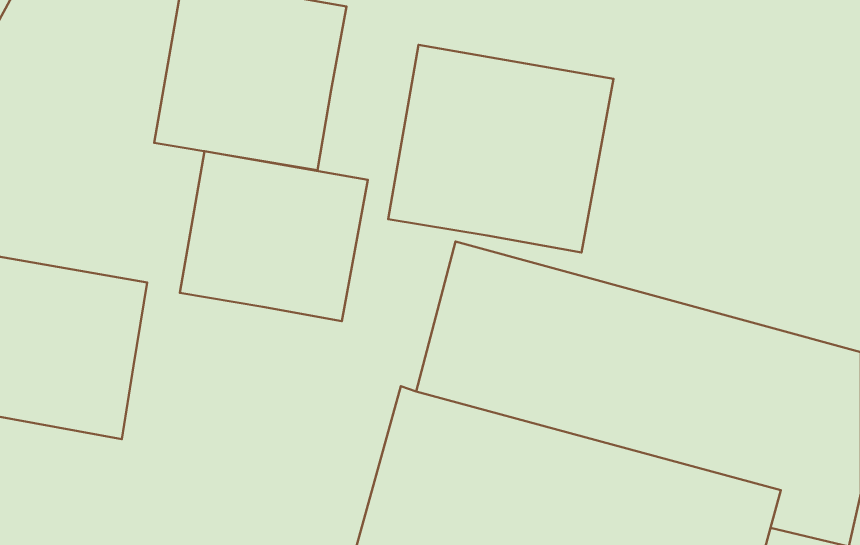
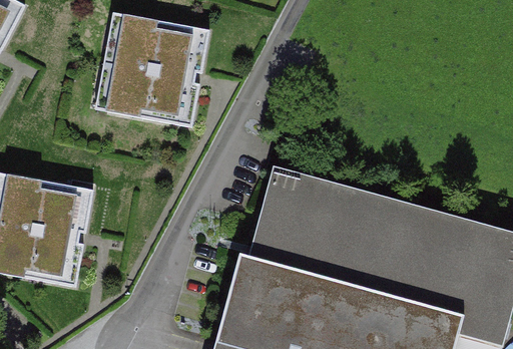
building: [388,45,614,253] -> none
building: [180,151,368,321] -> none

